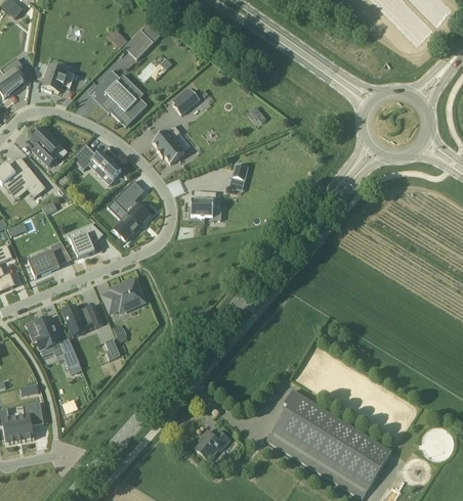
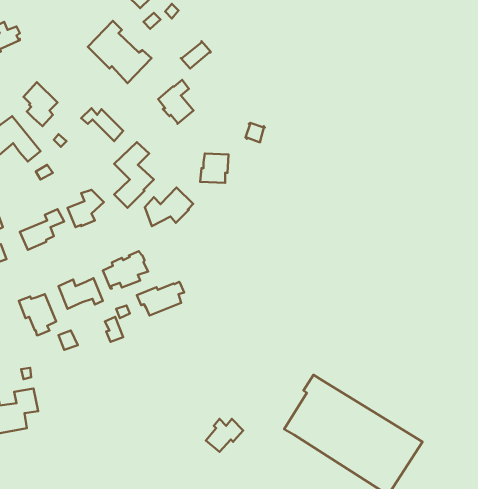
building: [41,64,75,92] -> none
building: none -> [145,188,193,226]
building: none -> [137,282,184,316]

